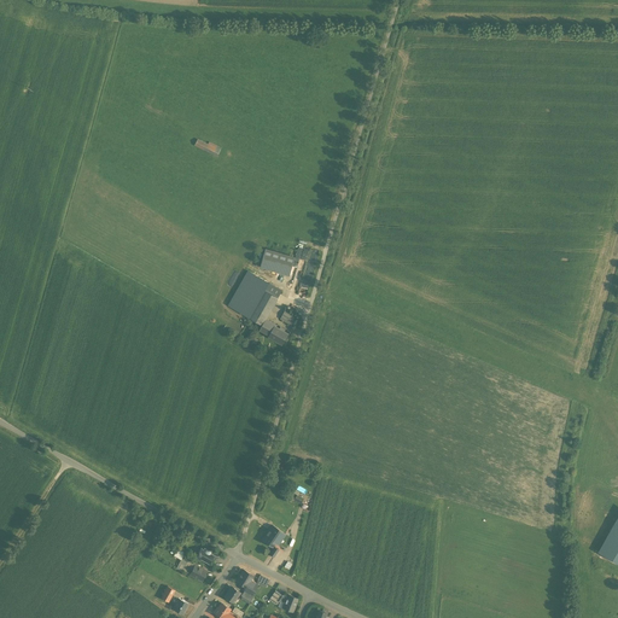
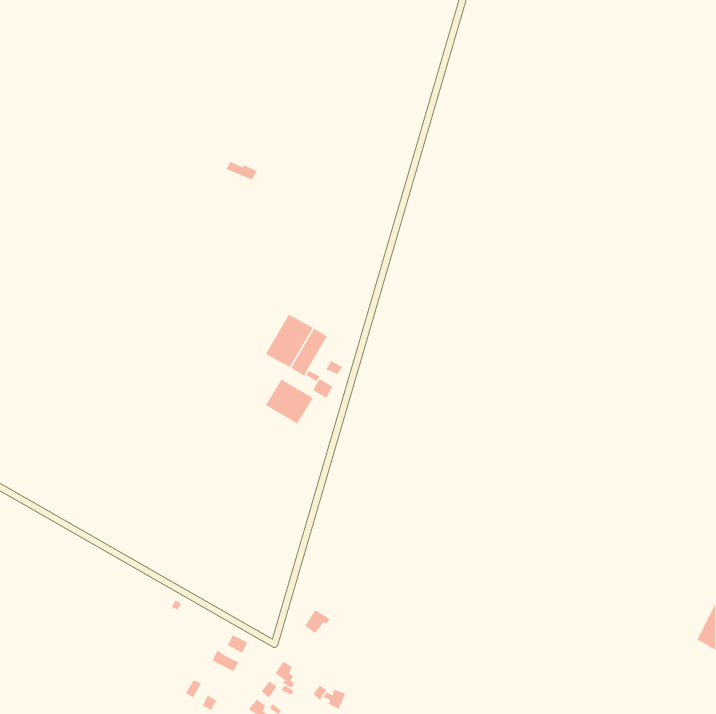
building: [261,250,295,276] -> none
building: none -> [265,379,314,424]

